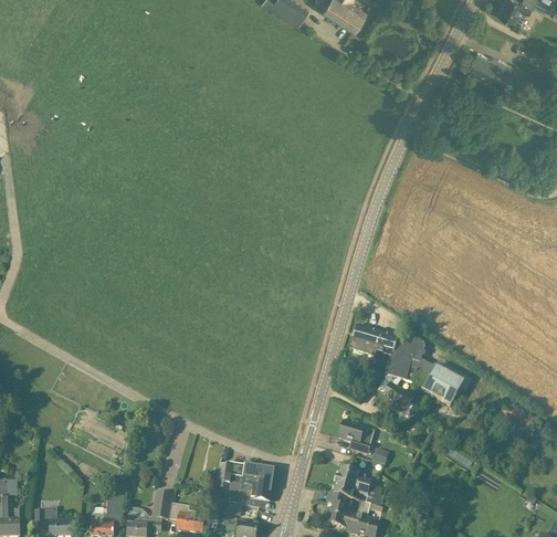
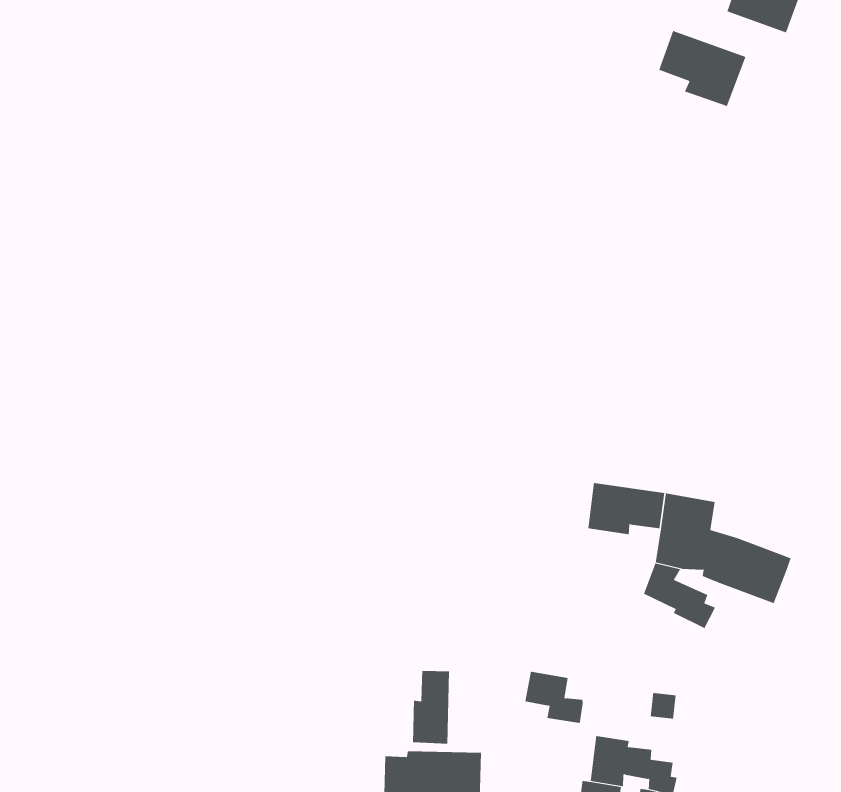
building: none -> [658,30,746,107]
building: none -> [413,670,450,744]
building: [338,420,371,453] -> [525,671,584,723]

